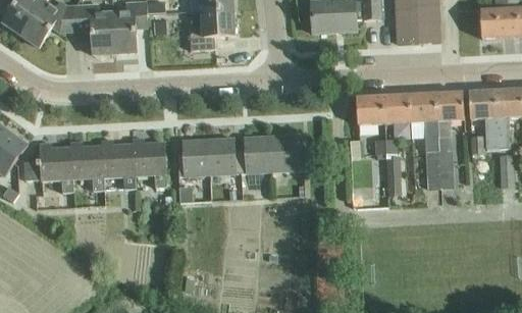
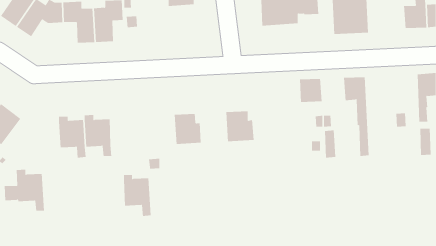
building: [190,8,233,49] -> none
building: [469,91,499,149] -> none
building: [435,93,464,188] -> none
building: [382,95,411,123] -> none
building: [240,136,271,172] -> none
building: [133,138,166,188] -> [123,174,152,216]
building: [176,139,210,176] -> none
building: [24,142,73,192] -> [4,169,45,211]

